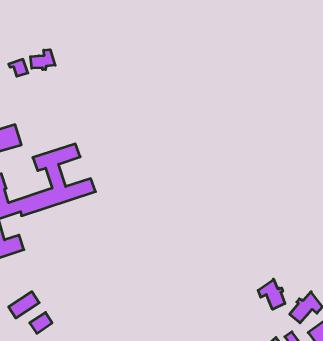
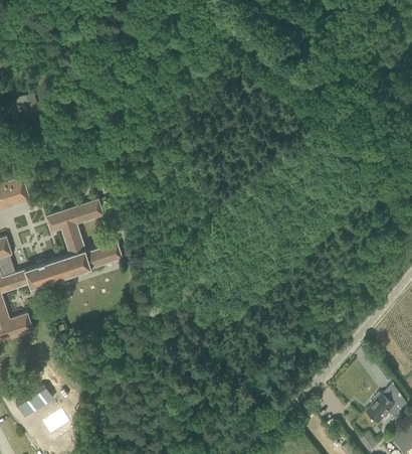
building: [30,50,55,70] -> none
building: [258,279,285,309] -> none

